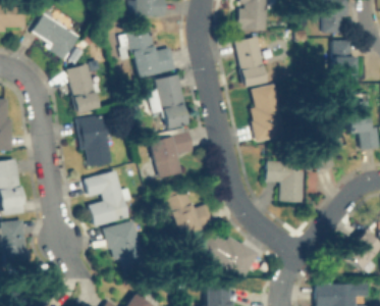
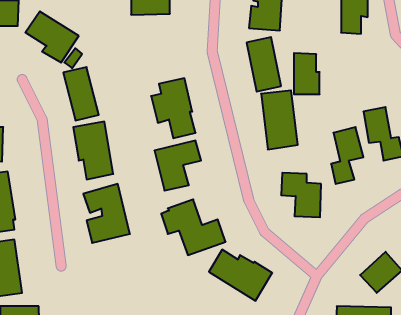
building: [126,28,174,78] -> none
building: [331,40,355,78] -> [294,53,320,94]
building: [103,220,148,276] -> none

